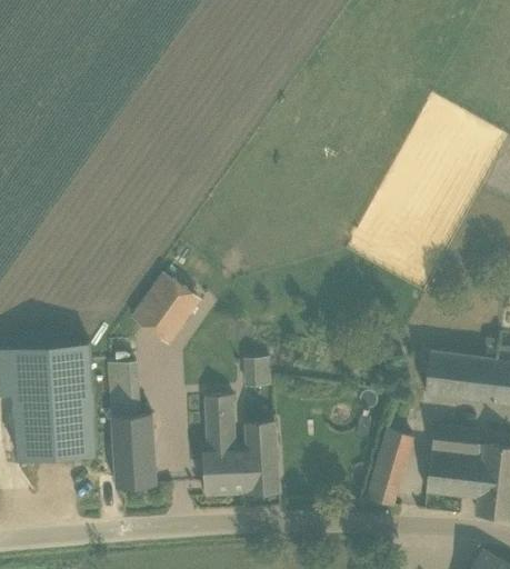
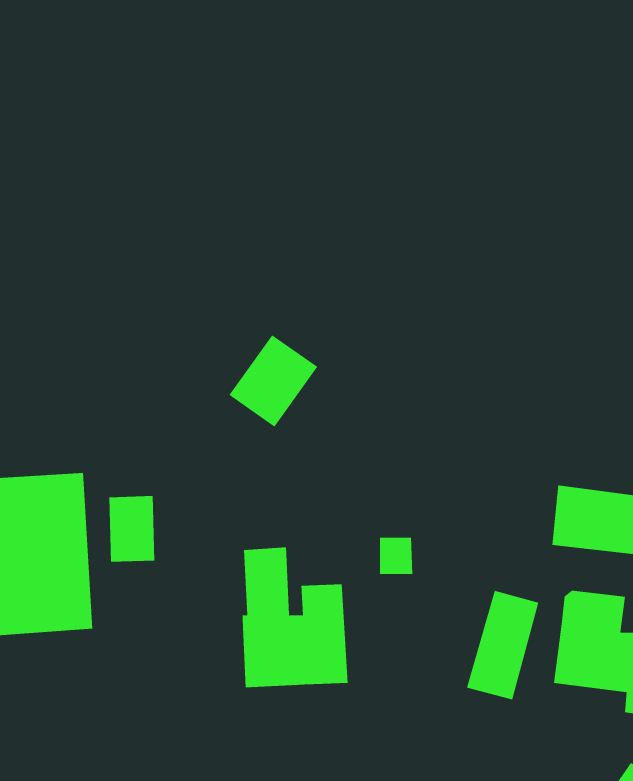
building: [131,274,196,341] -> [228,334,318,427]
building: [244,359,269,386] -> [379,537,413,574]
building: [111,415,156,488] -> none

